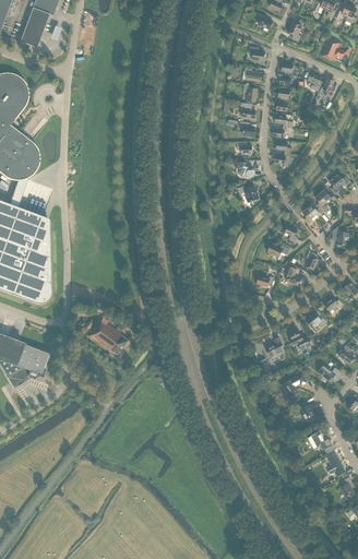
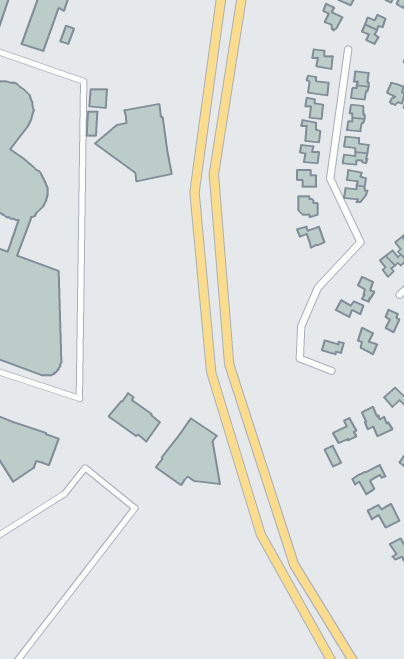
building: none -> [95,104,171,181]
building: none -> [156,418,220,485]

